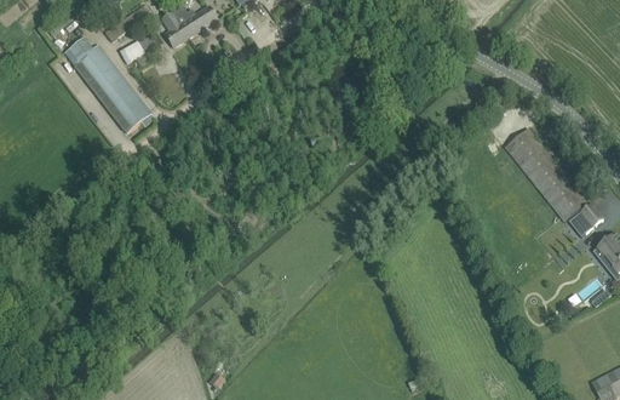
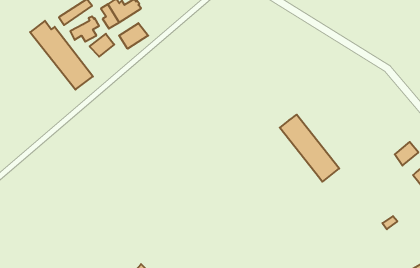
building: none -> [119,23,148,49]
building: none -> [90,34,114,57]
building: [504,127,586,221] -> [280,115,339,182]

